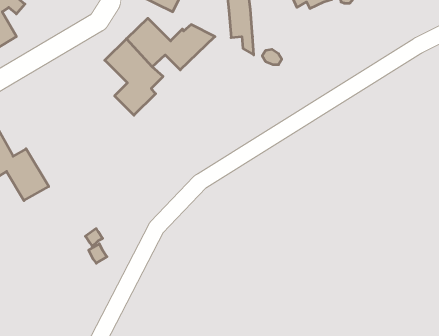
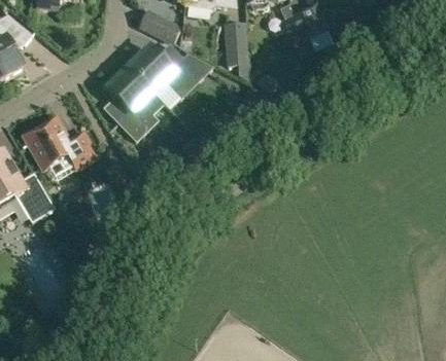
building: none -> [26,119,97,178]

